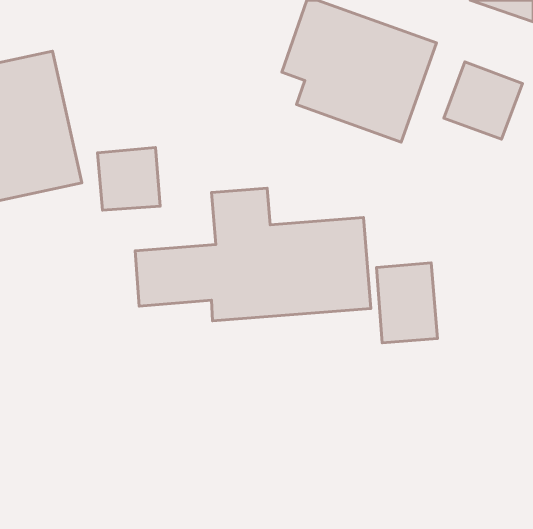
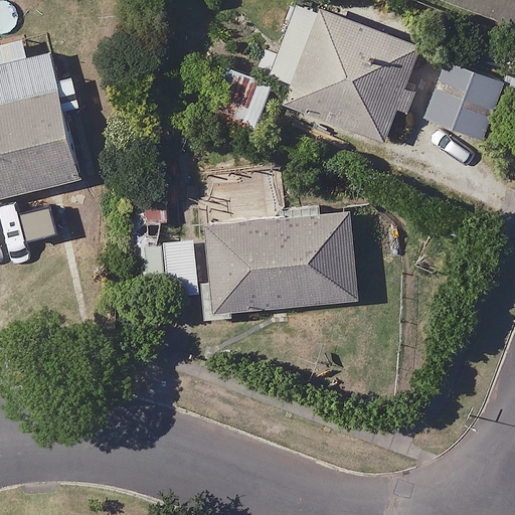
building: [98,147,160,210] -> none
building: [376,263,438,343] -> none

